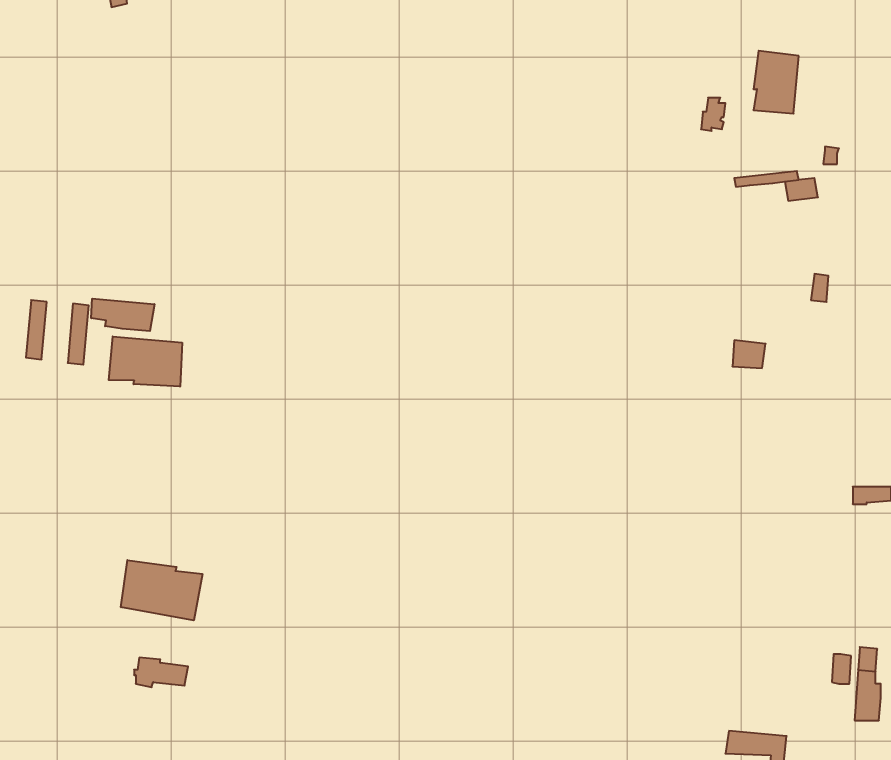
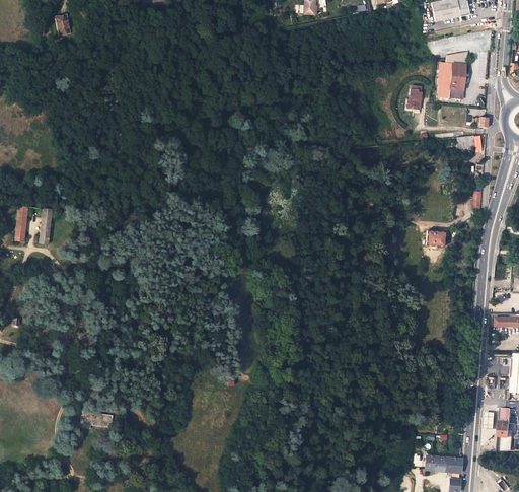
building: [91,299,154,331] -> none
building: [109,336,182,387] -> none
building: [121,560,202,620] -> none

